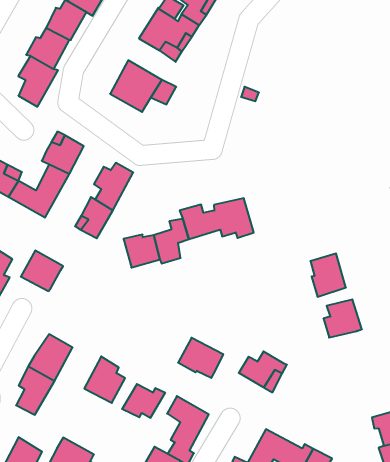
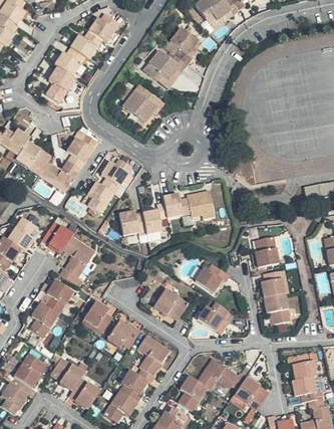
building: none -> [61,232,96,279]
building: none -> [192,262,227,289]
building: none -> [262,293,288,325]

